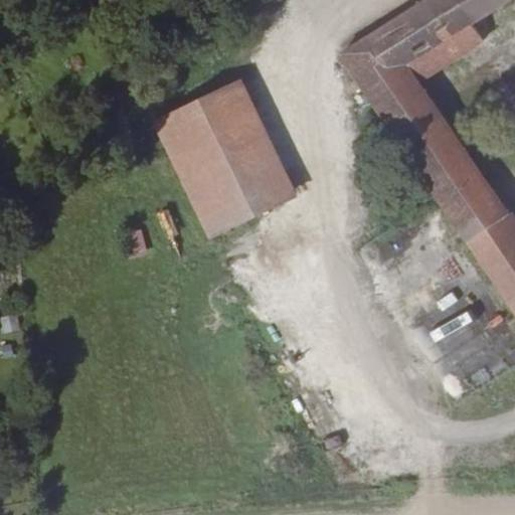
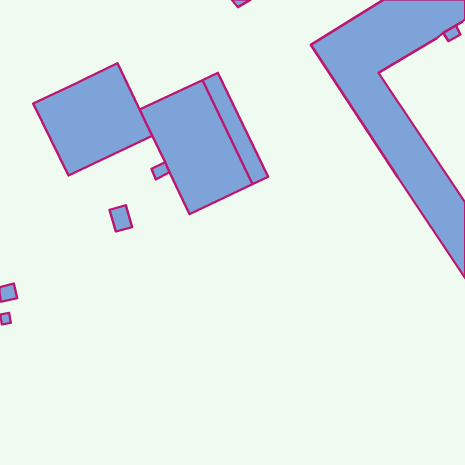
building: none -> [33,63,152,175]

